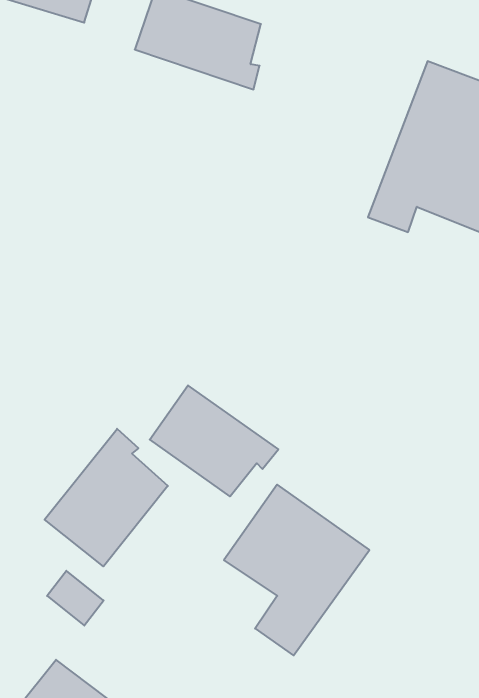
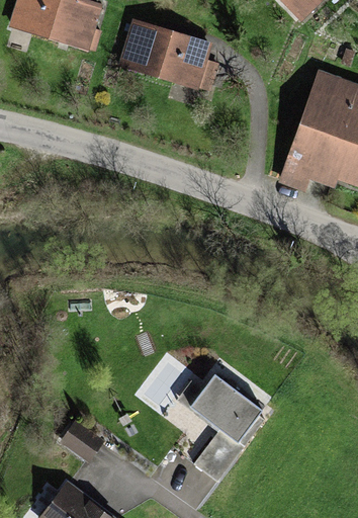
building: [150,385,278,496] -> none
building: [45,429,168,566] -> none

